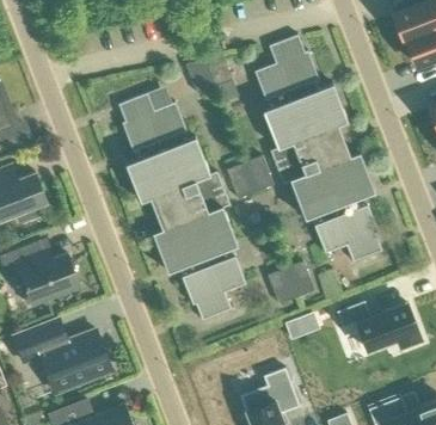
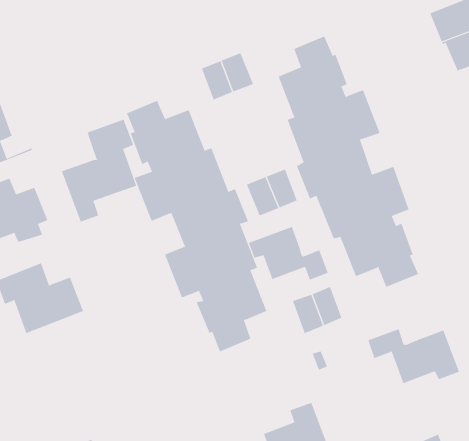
building: none -> [61,119,137,223]
building: none -> [248,226,328,281]
building: [13,320,111,392] -> none

